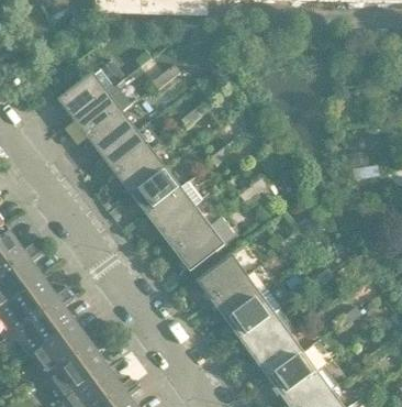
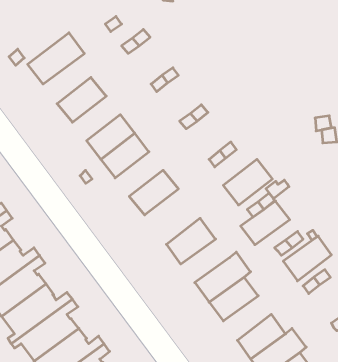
building: [71,85,131,139] -> none
building: [101,131,149,176] -> none
building: [144,182,200,232] -> none
building: [174,224,223,271] -> [223,159,272,205]
building: [210,275,259,319] -> [241,201,290,245]
building: [253,332,301,377] -> [283,236,331,281]

